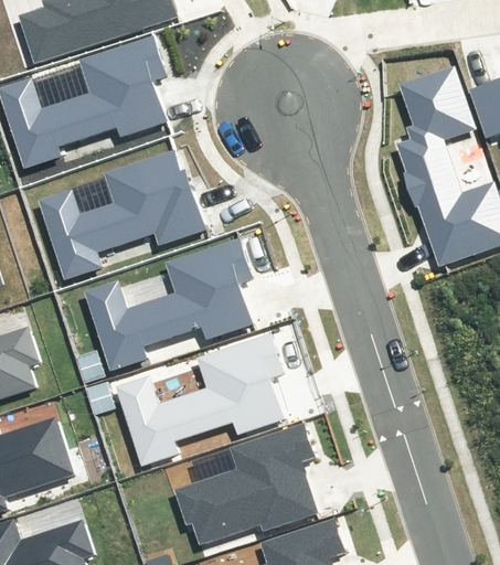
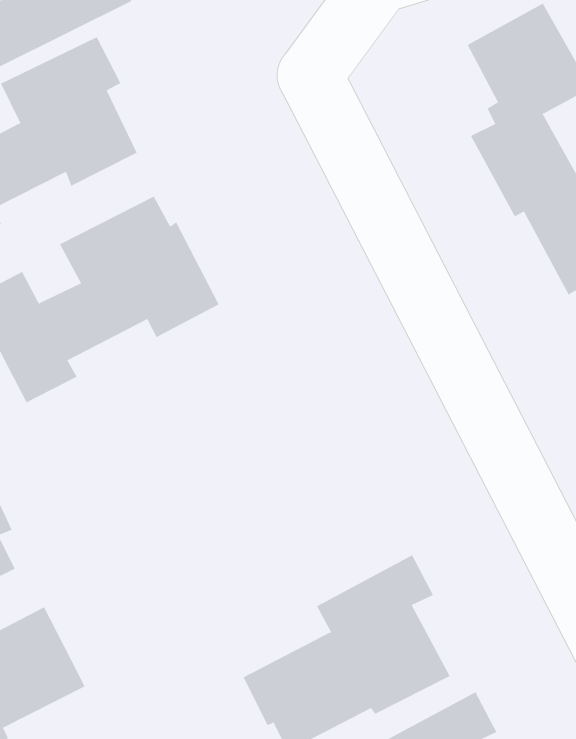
building: [83,239,254,370] -> none
building: [113,337,283,466] -> none

